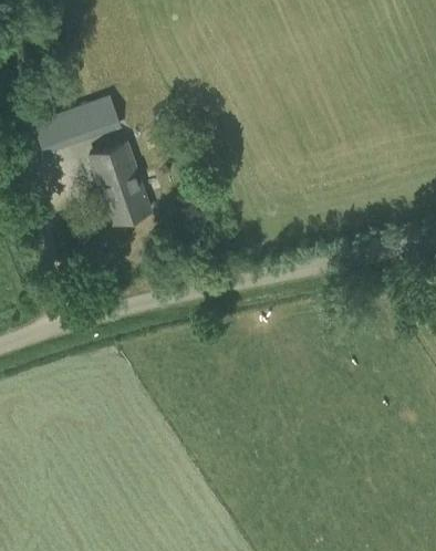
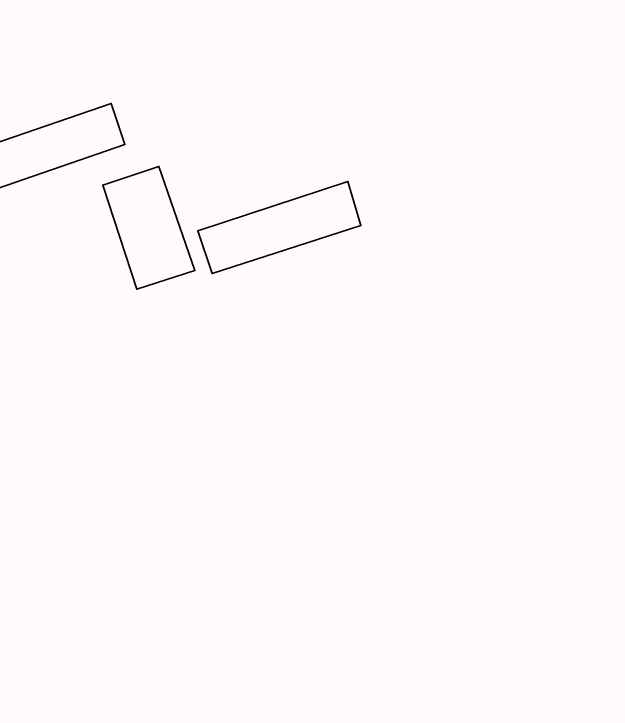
building: none -> [198,182,361,274]

